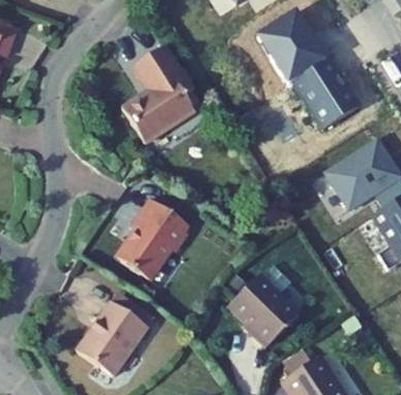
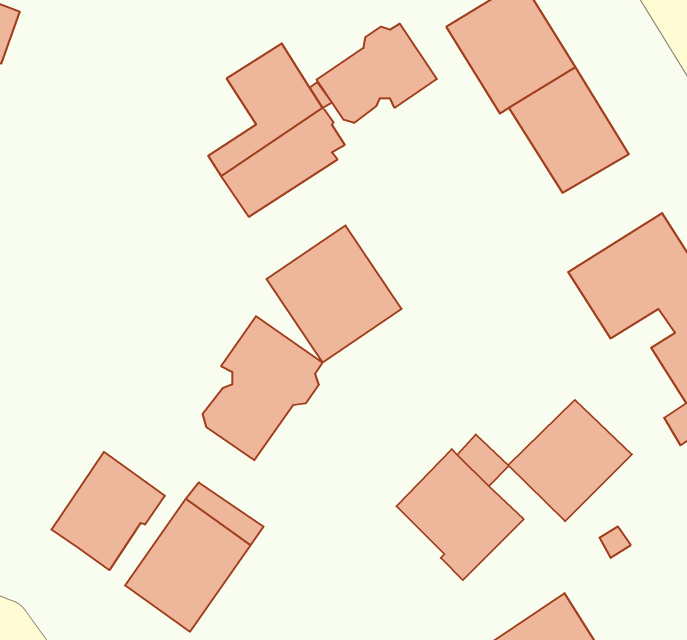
building: none -> [317,24,437,123]
building: none -> [266,225,402,362]
building: none -> [508,400,632,521]
building: none -> [51,452,165,570]

